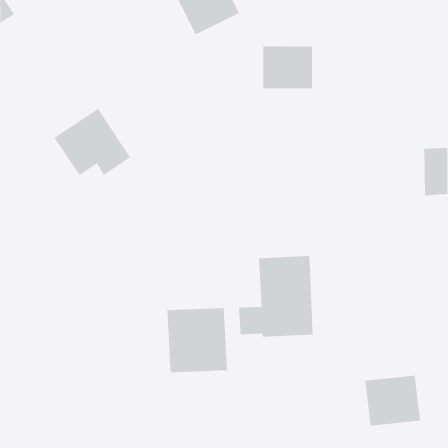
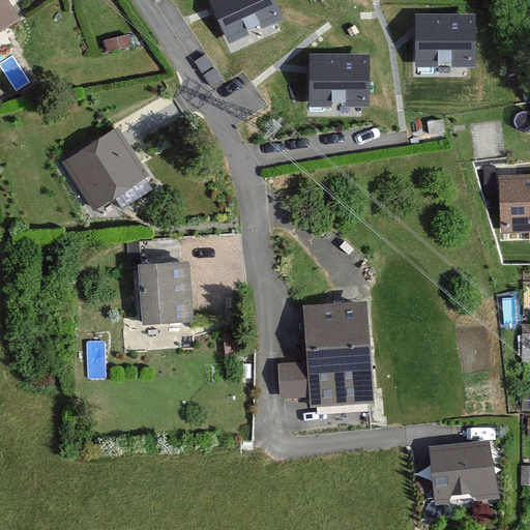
building: none -> [414,13,474,64]
building: none -> [138,262,190,323]
building: [167,307,228,373] -> none

